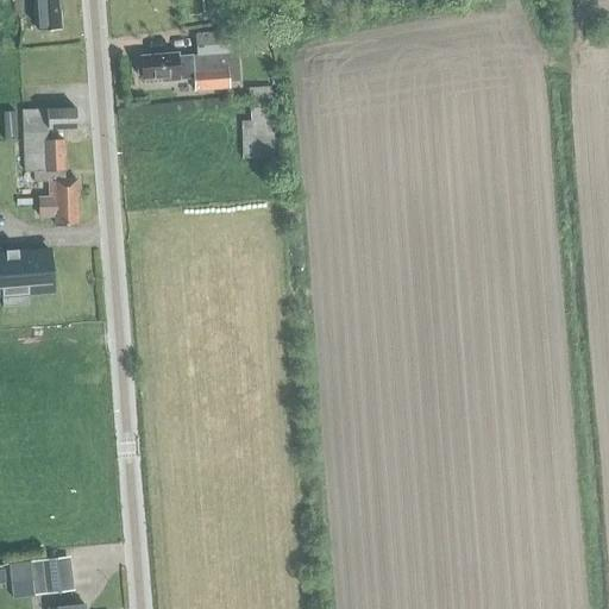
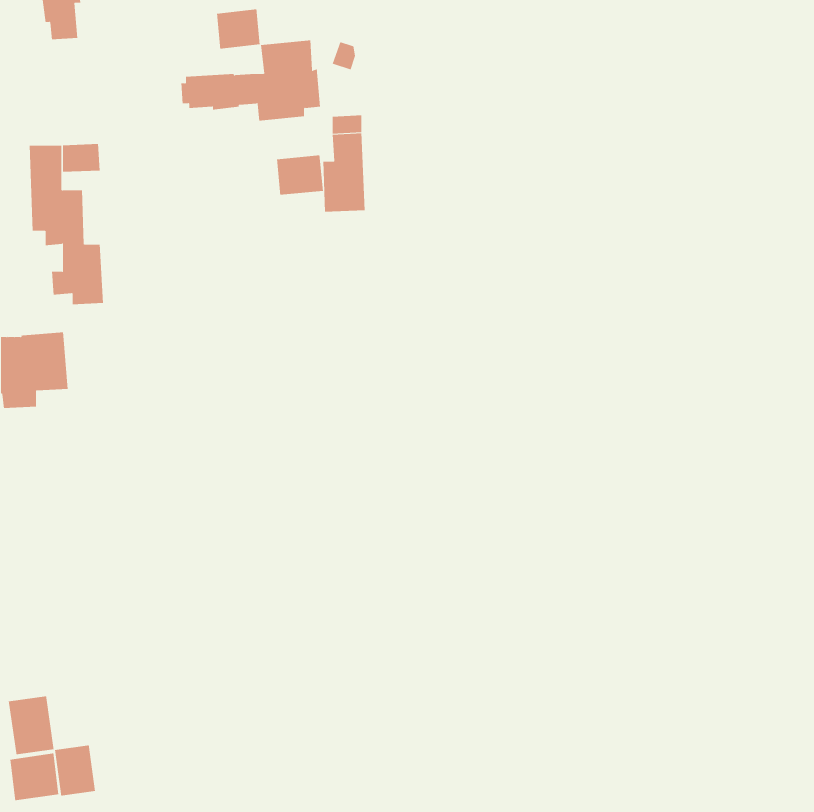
building: none -> [216,9,260,49]
building: none -> [276,155,323,196]
building: none -> [8,695,54,755]

